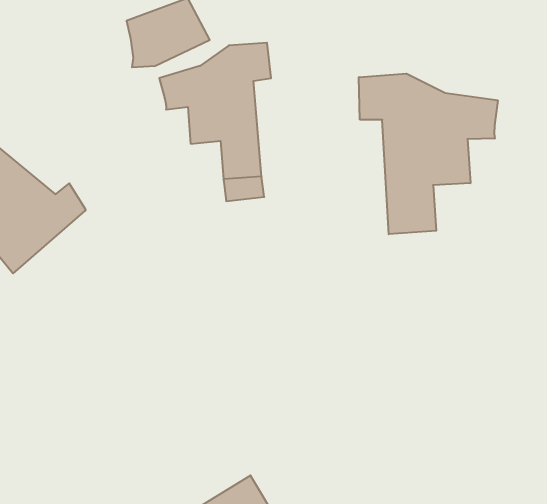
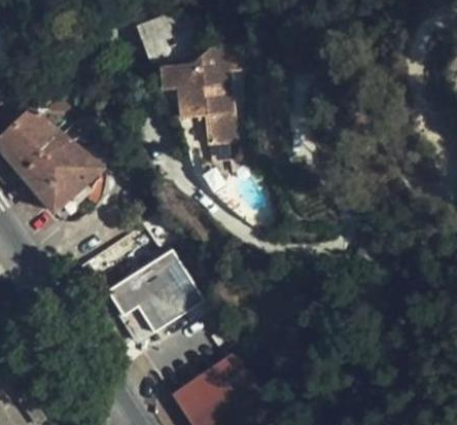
building: [359,74,498,234] -> none
building: none -> [98,250,203,351]

